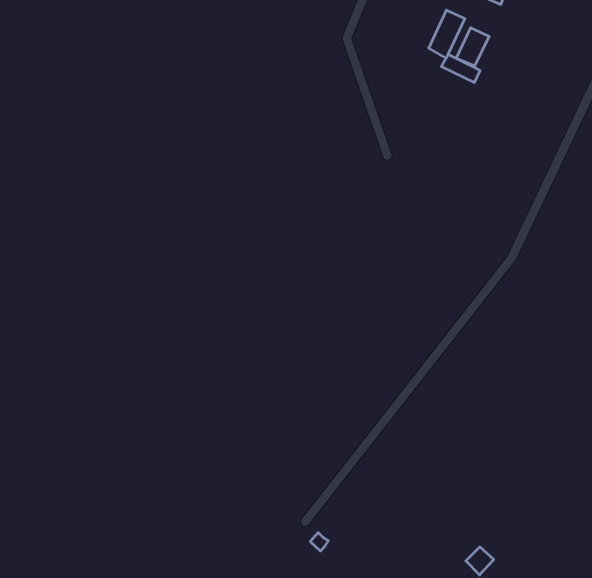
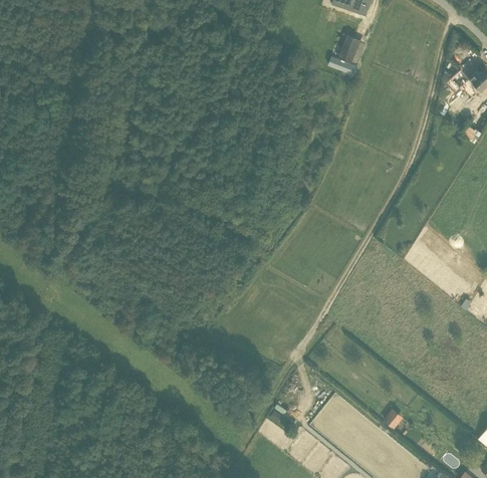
building: [429,10,465,58] -> none

